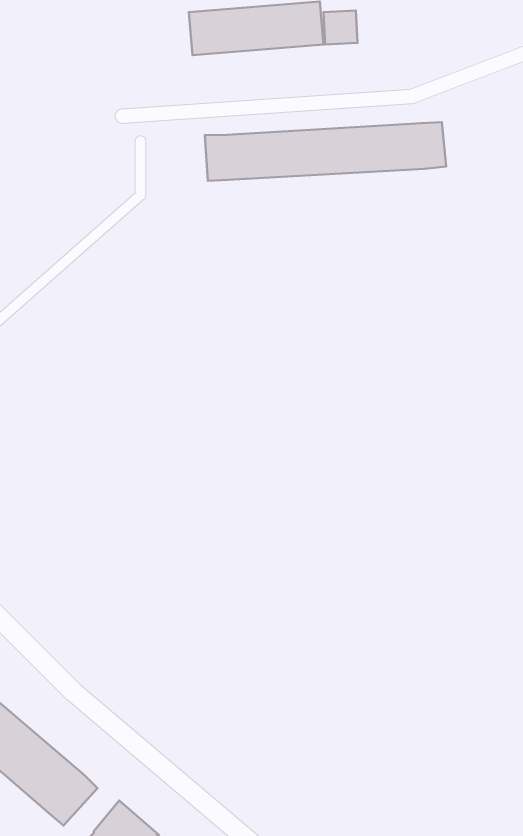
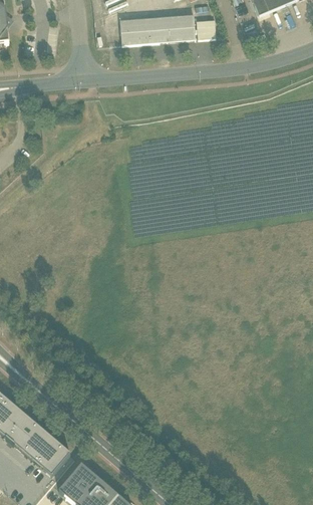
building: [205,122,446,181] -> none

